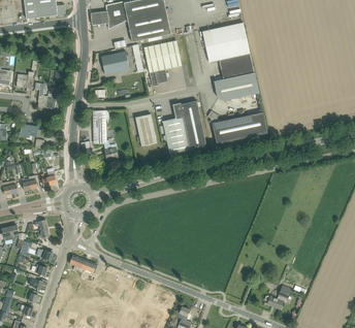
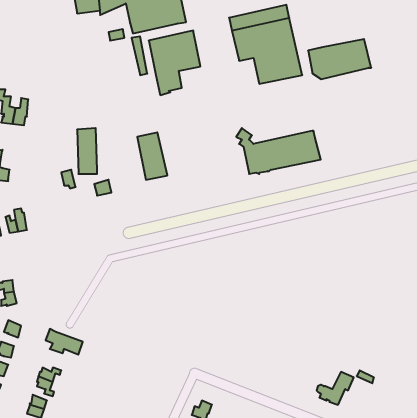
building: [100,52,129,74] -> none
building: [214,72,259,101] -> [308,39,371,79]
building: [162,100,206,154] -> none

